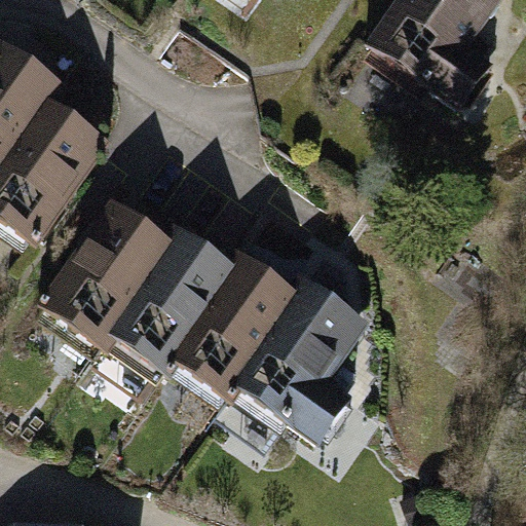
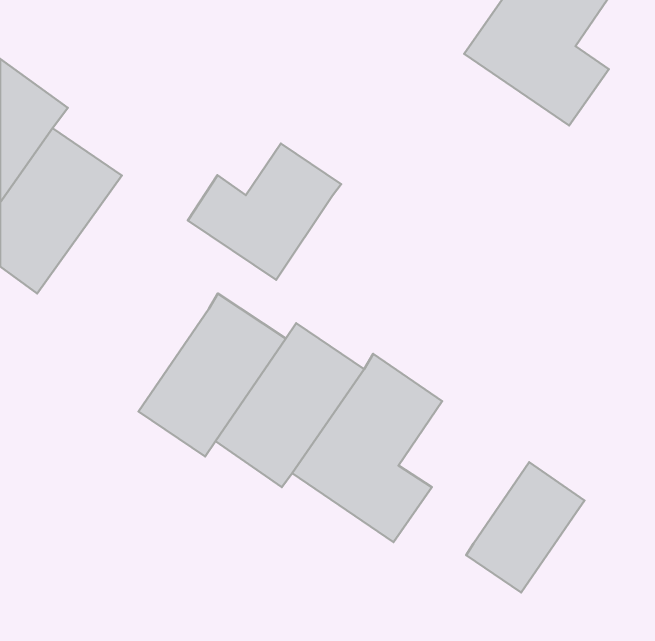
building: none -> [188,144,341,280]
building: [46,209,167,342] -> none
building: none -> [466,462,584,592]

